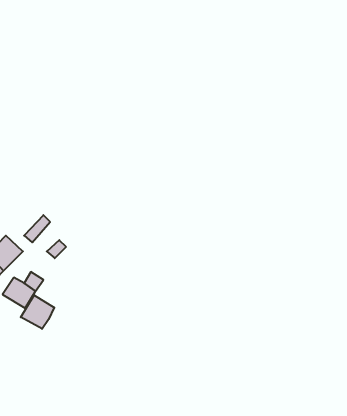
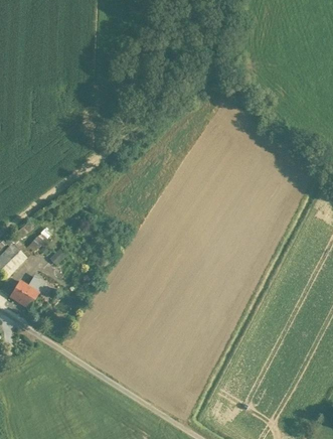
building: [21,295,54,329] -> none

